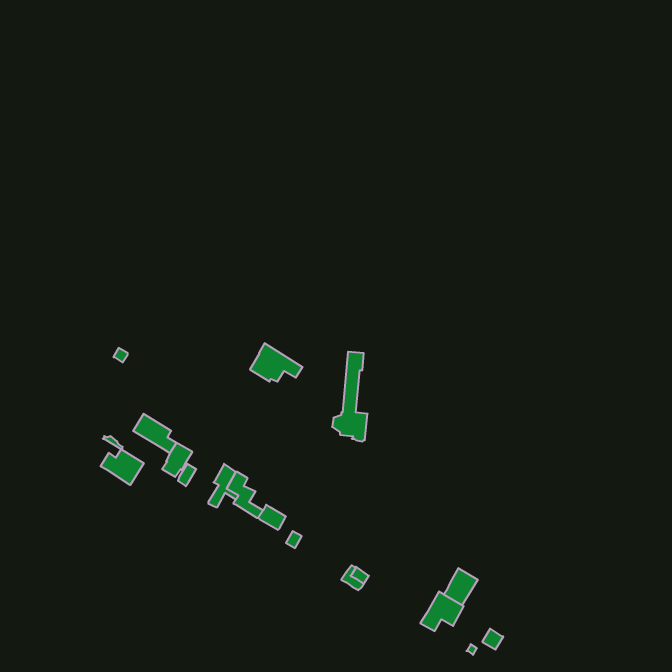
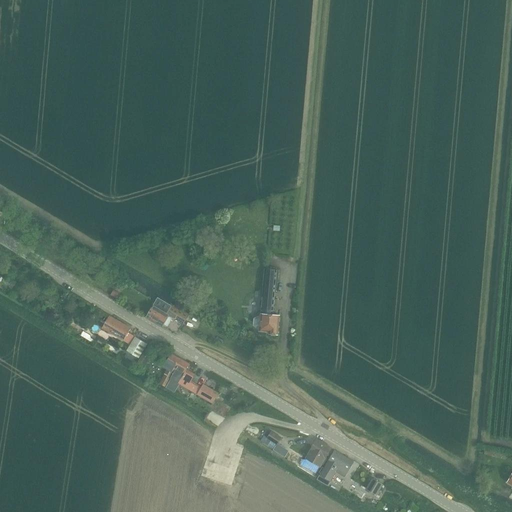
building: [250,343,303,382] -> [146,296,186,325]
building: [101,449,144,485] -> none
building: [444,568,478,605] -> [305,437,331,465]

